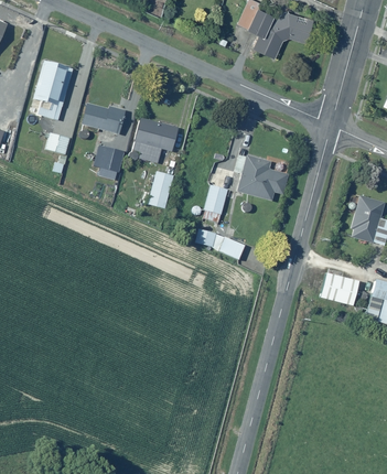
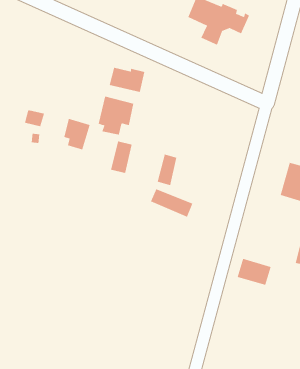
building: [33,58,73,120] -> none
building: [83,104,126,133] -> [109,67,145,93]
building: [235,154,288,201] -> none
building: [318,273,358,305] -> [237,258,272,285]

